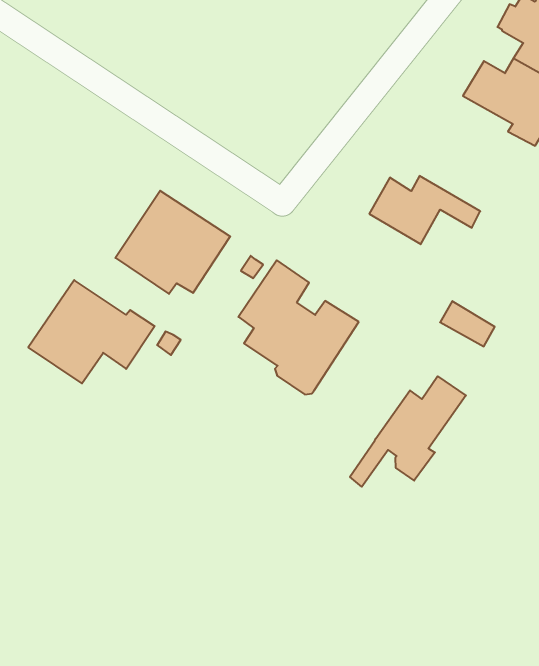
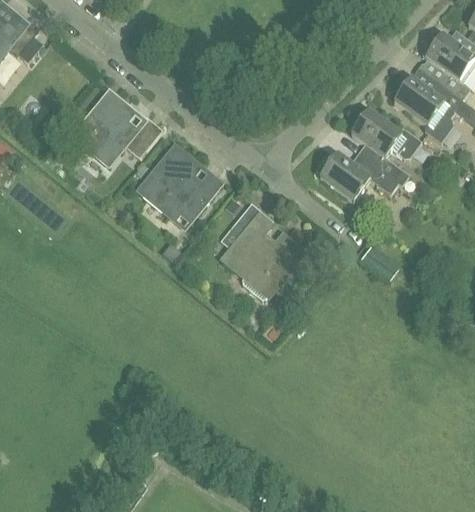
building: none -> [350,109,420,184]
building: [28,280,155,383] -> [72,91,162,164]
building: [350,376,466,487] -> none

